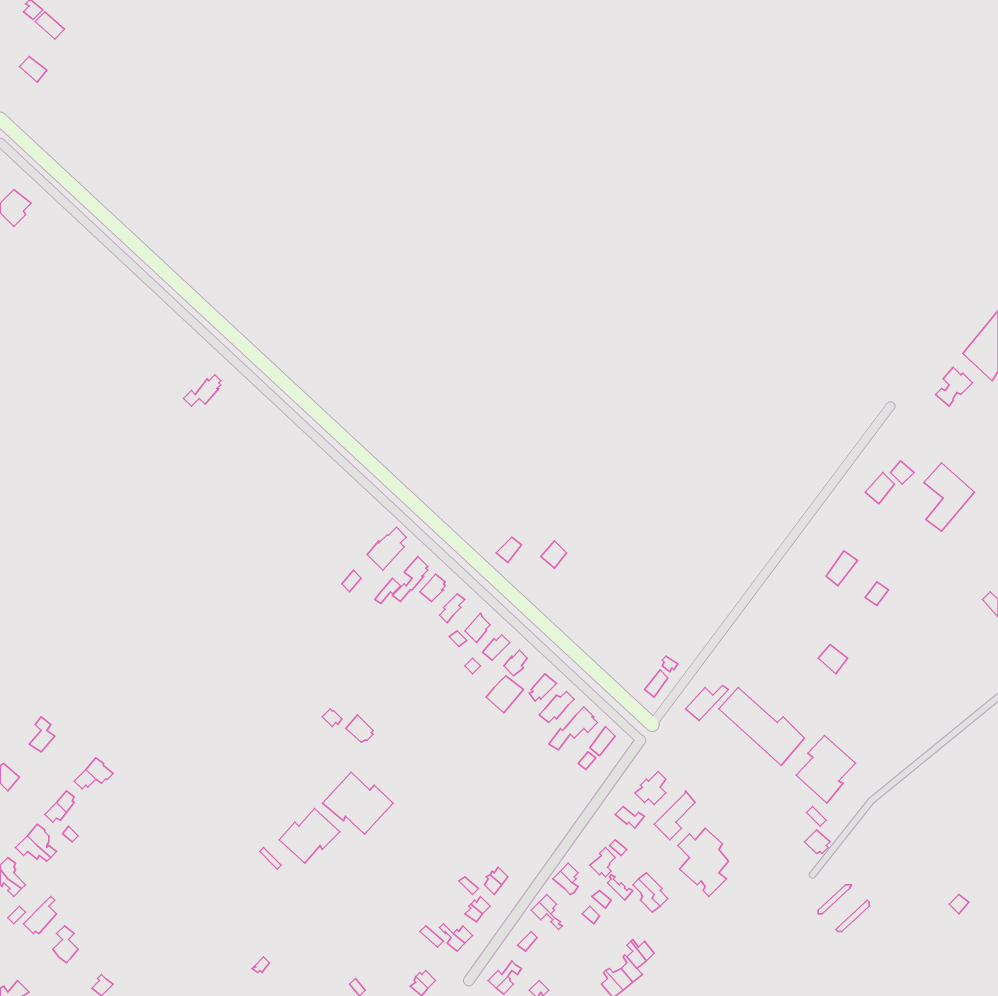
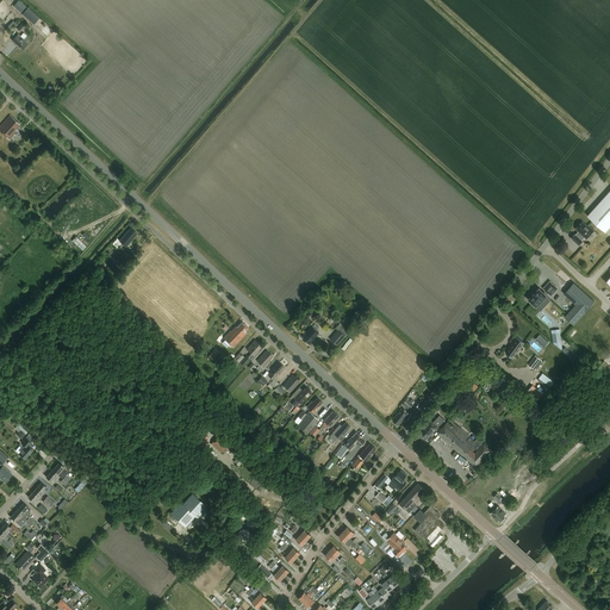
building: [796,735,855,803] -> none
building: [322,772,393,834] -> none

